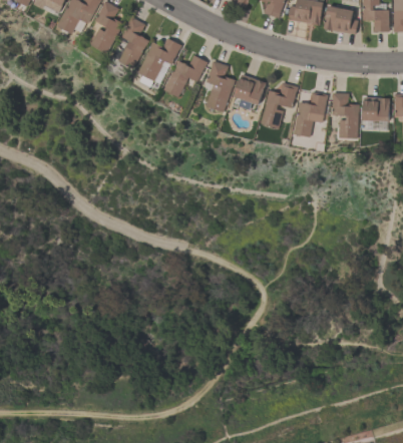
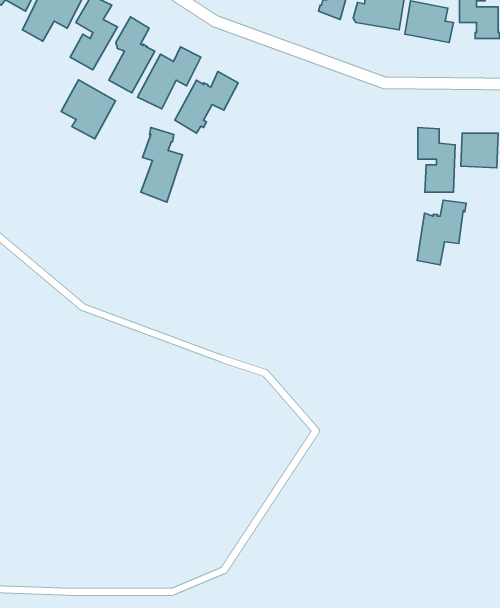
building: none -> [61,80,116,139]
building: [206,60,235,112] -> [141,127,183,202]
building: [235,74,266,109] -> none
building: [261,82,298,127] -> none
building: [294,92,328,137] -> [417,200,466,265]

